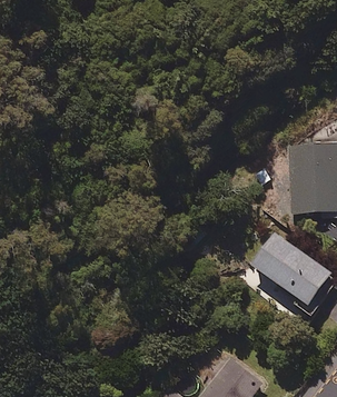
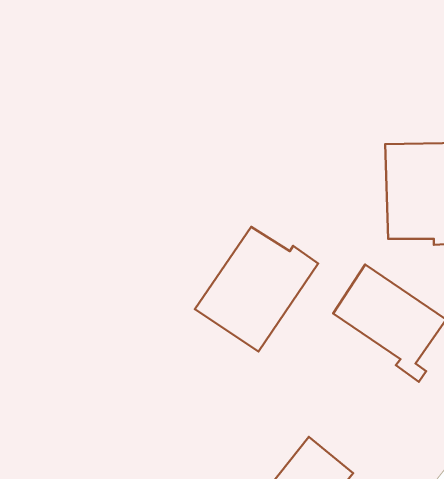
building: none -> [195,227,318,351]

